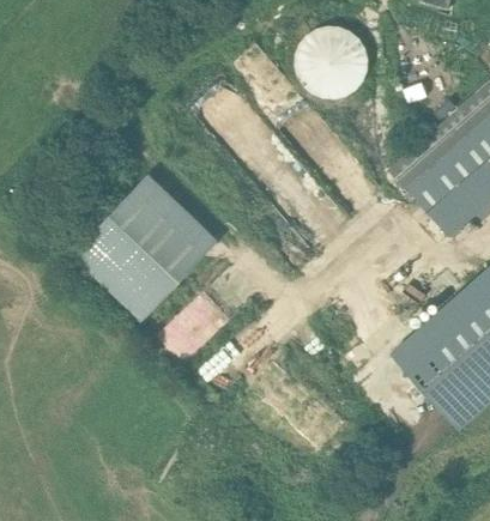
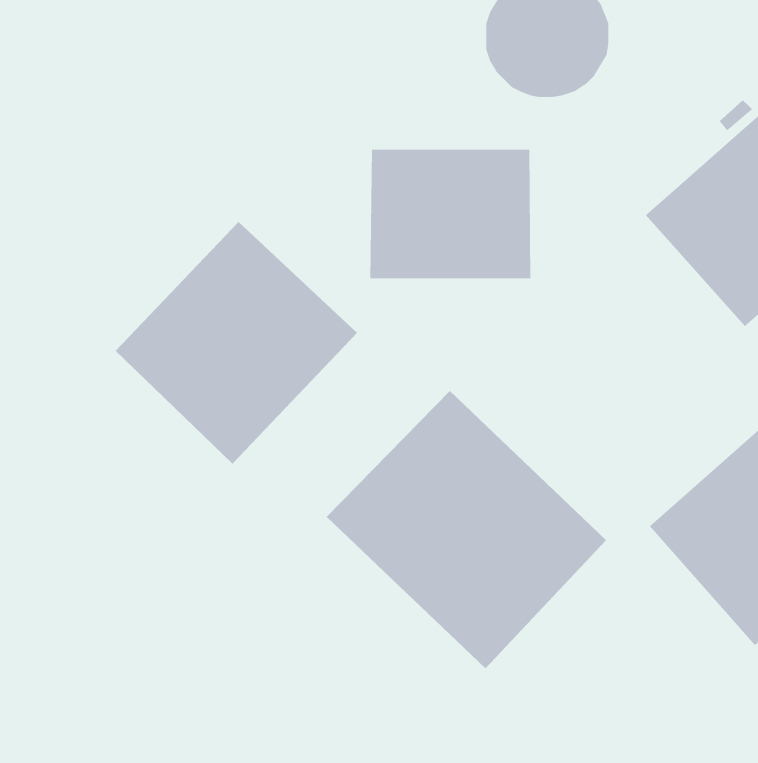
building: none -> [370,149,531,279]
building: none -> [326,390,607,669]

